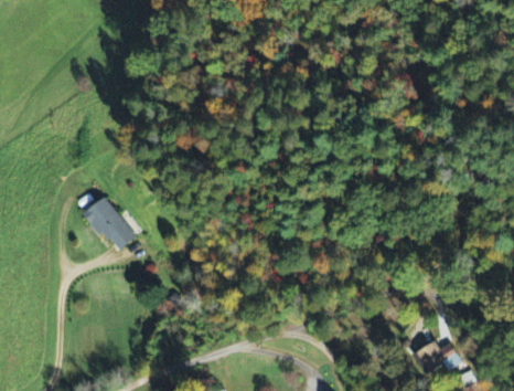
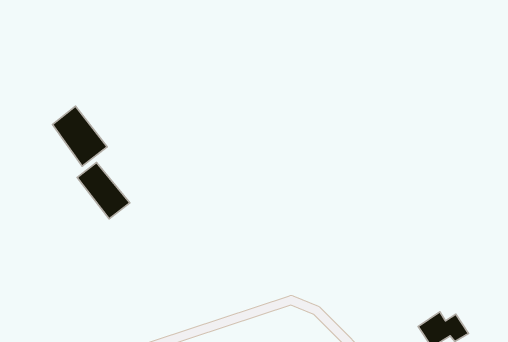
building: none -> [53,106,107,166]

